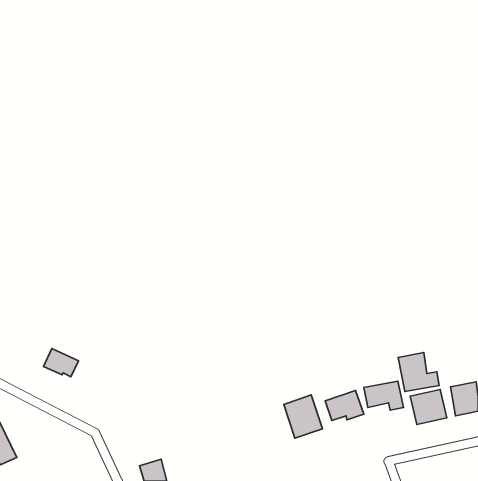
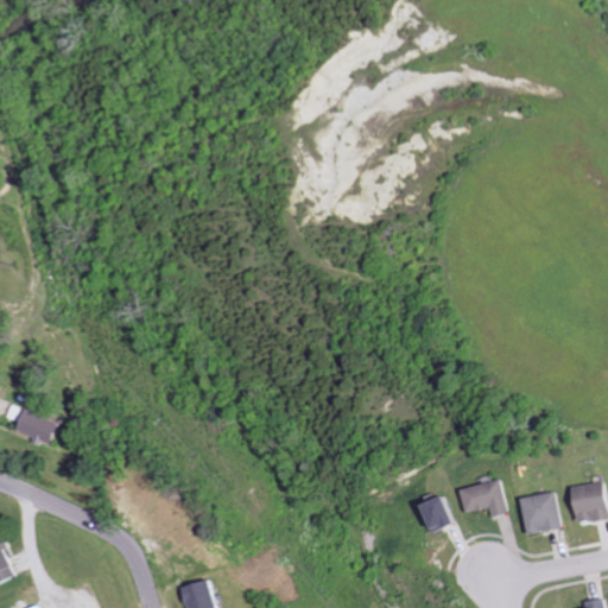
building: [43,348,78,377] -> [18,408,62,444]
building: [398,352,439,391] -> none
building: [284,395,323,438] -> none

